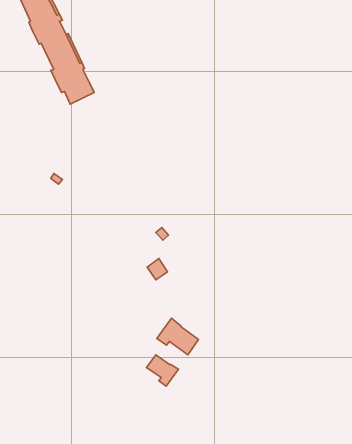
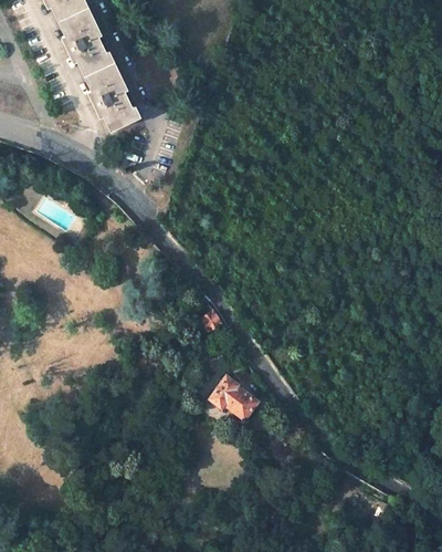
building: [146,355,178,386] -> none

